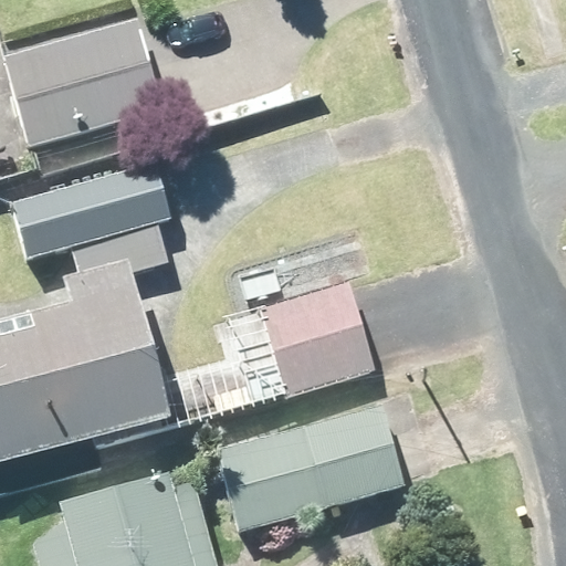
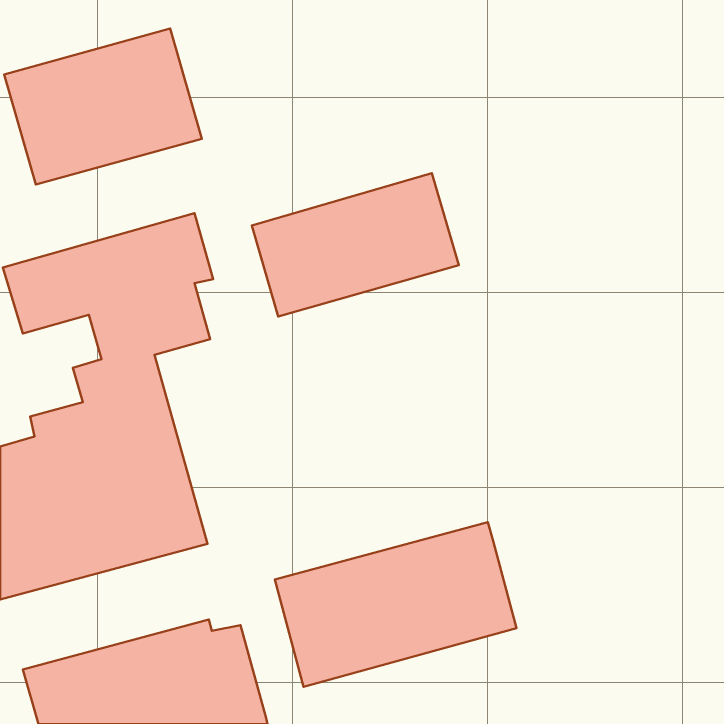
building: none -> [252,173,459,317]
building: [261,283,374,395] -> none

